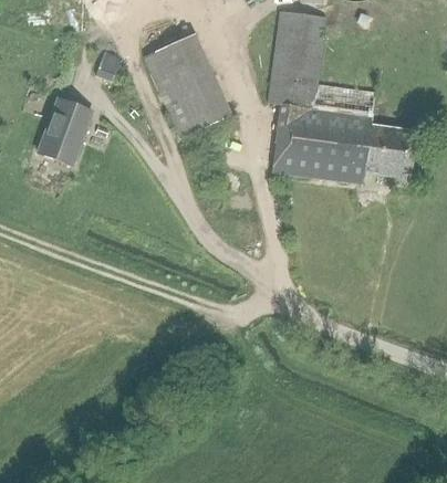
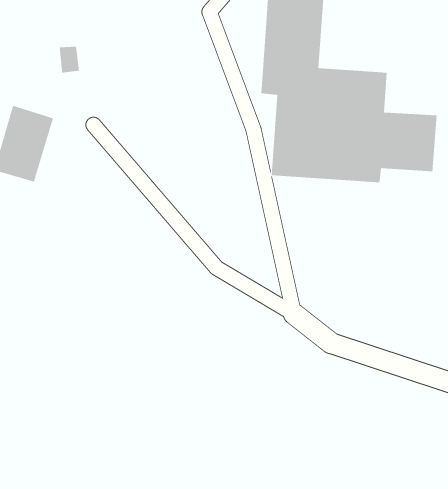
building: [143,33,230,138] -> none

